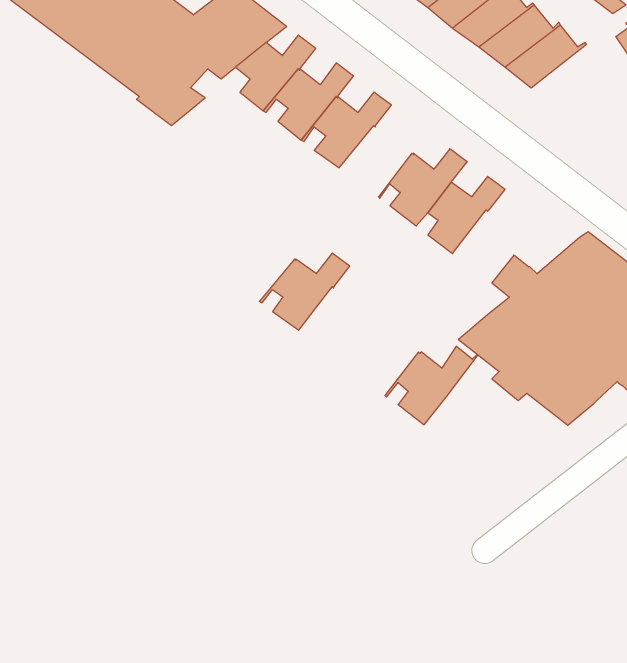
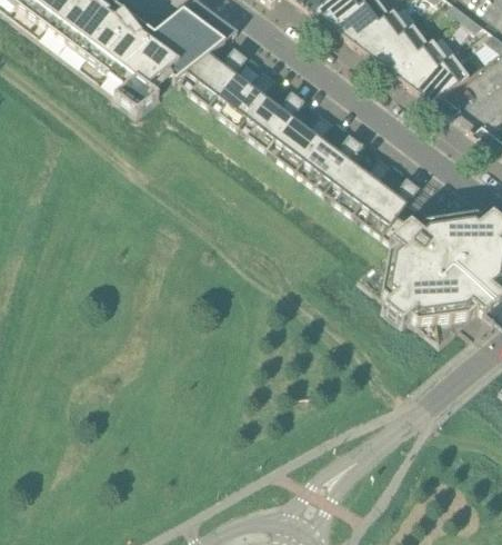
building: none -> [413,51,471,100]
building: [259,253,350,330] -> [267,109,335,168]
building: [385,346,478,425] -> [353,174,424,234]

